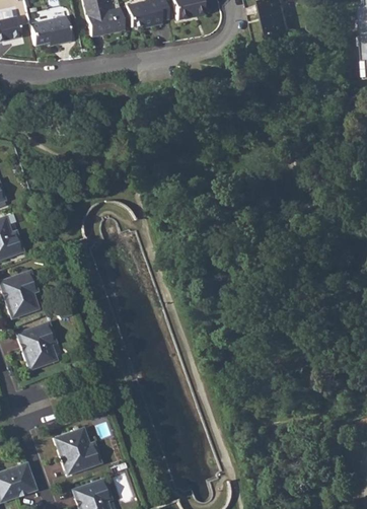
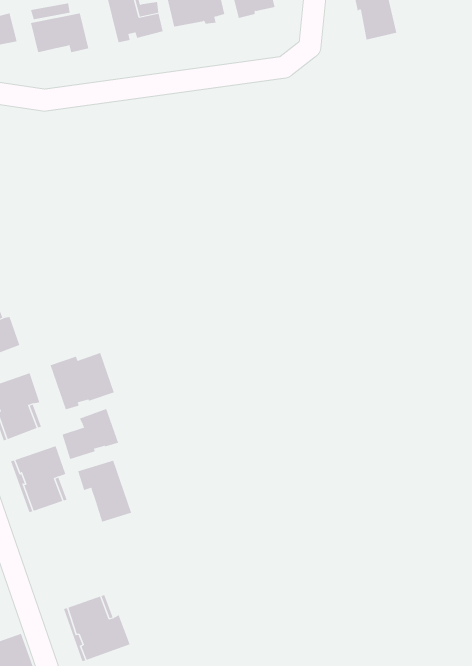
building: none -> [50,352,114,410]
building: none -> [62,408,119,460]
building: none -> [77,460,132,522]

